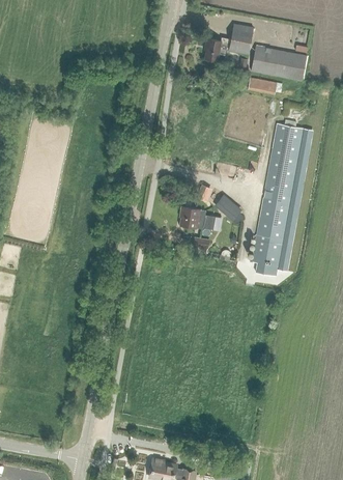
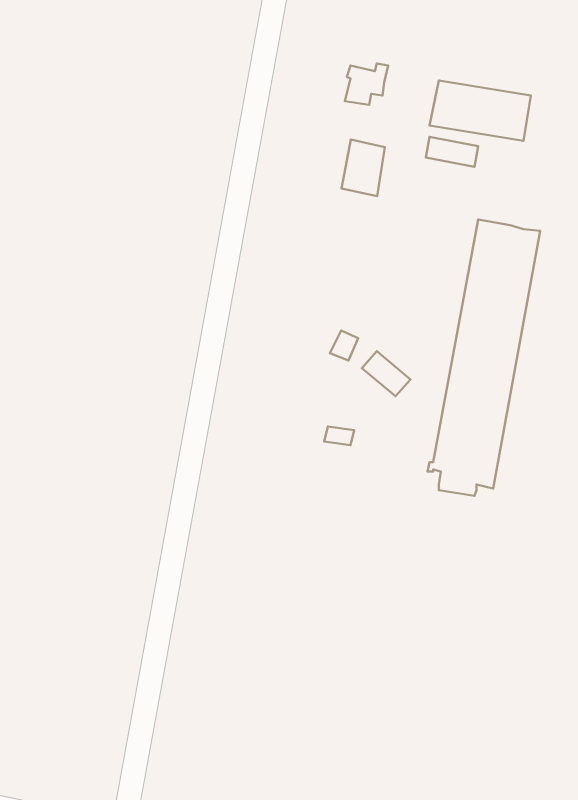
building: [228,24,252,55] -> [342,140,385,196]
building: [179,206,213,229] -> none

